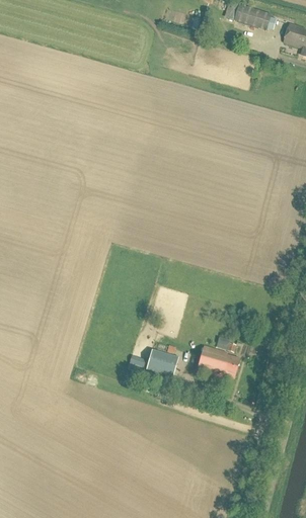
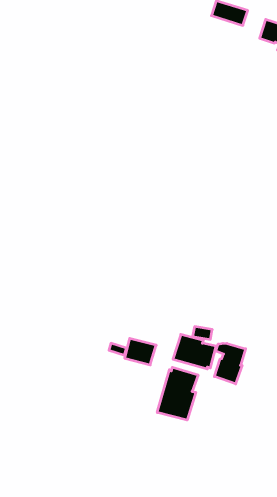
building: none -> [214,343,246,384]
building: none -> [157,367,198,420]

